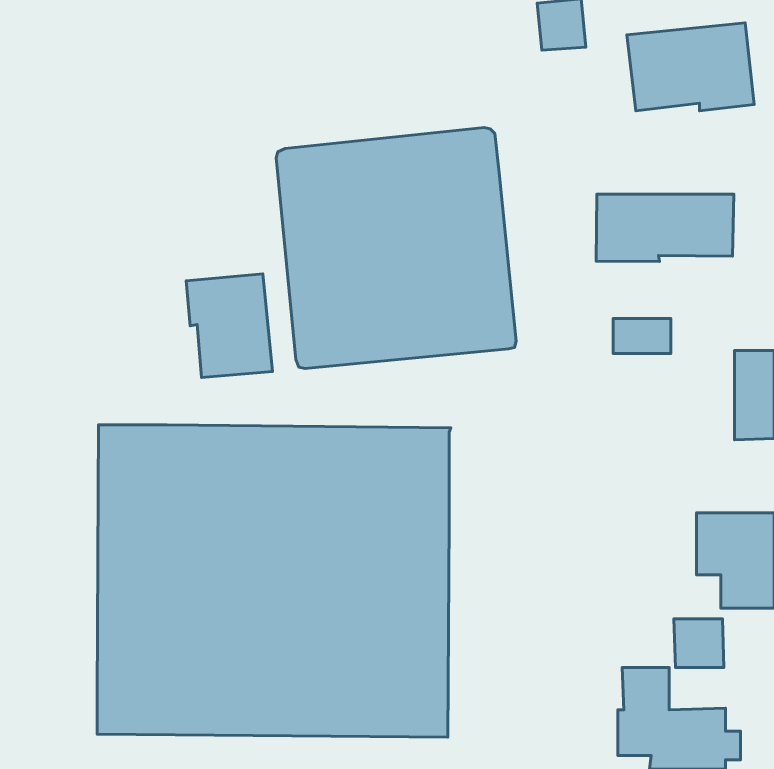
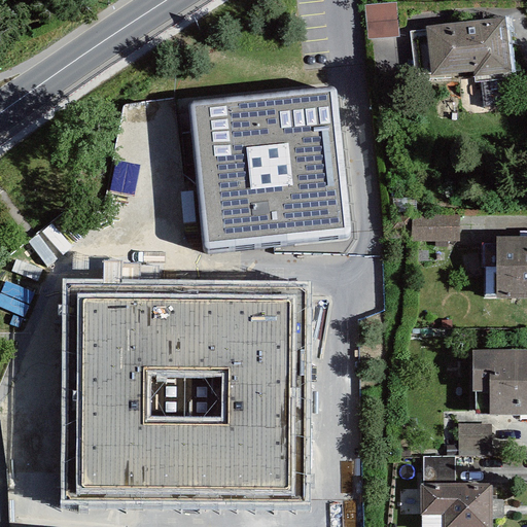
building: [596,194,734,261] -> none
building: [186,274,272,378] -> none

